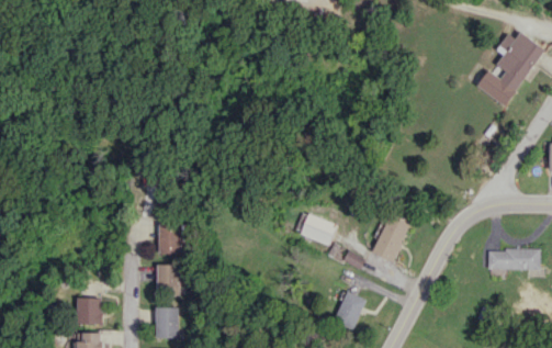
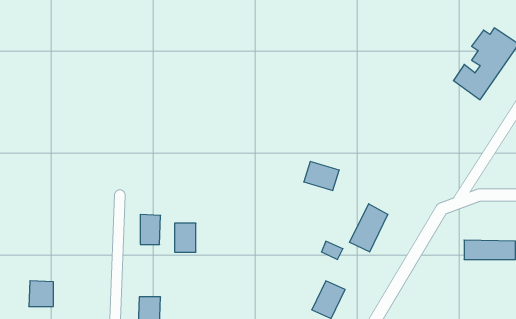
building: [300,214,336,244] -> [304,161,339,190]
building: [156,265,178,294] -> [175,223,196,252]
building: [76,298,101,324] -> [29,281,53,306]

